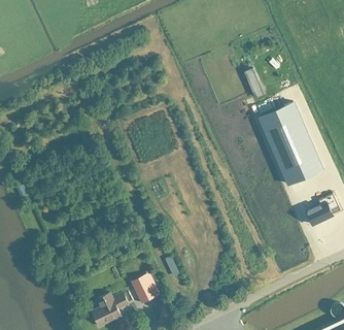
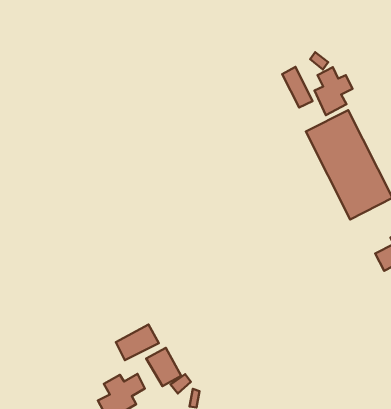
building: none -> [315,67,353,115]
building: none -> [116,324,159,360]

